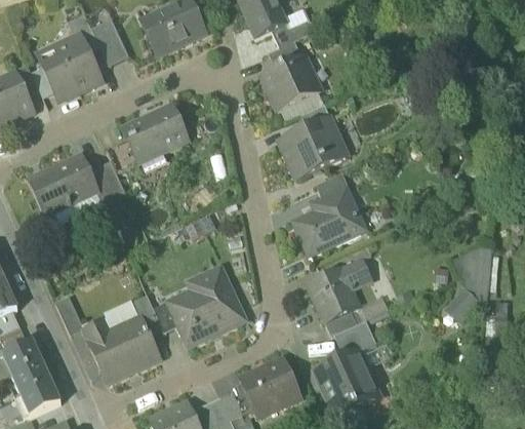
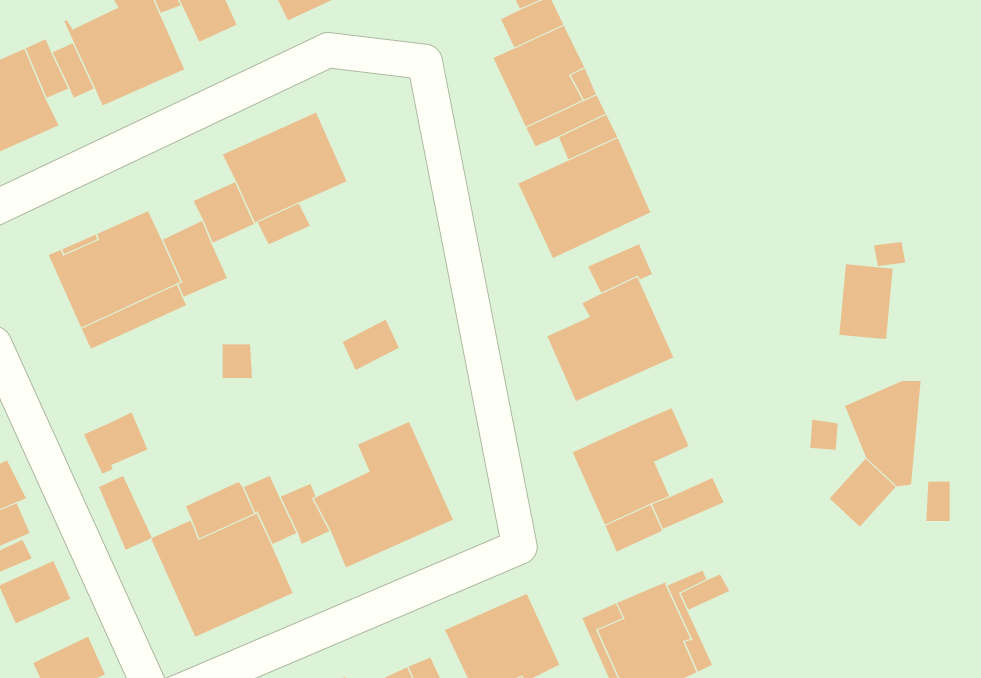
building: none -> [839,264,893,340]
building: none -> [83,412,148,475]
building: [334,322,376,357] -> none
building: [11,361,50,395] -> none

